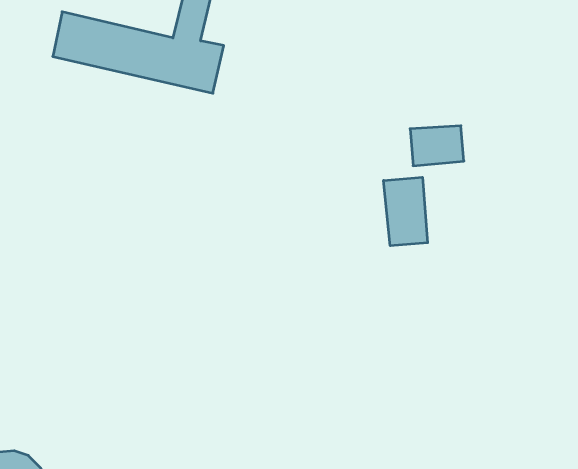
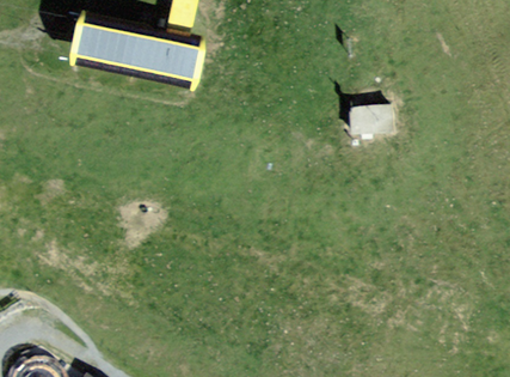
building: [384,177,428,246] -> none

